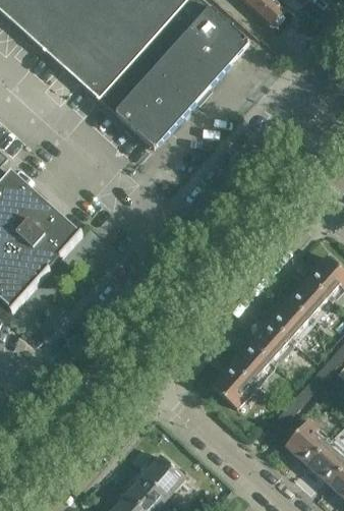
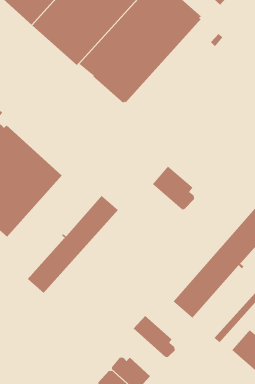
building: none -> [152,166,195,210]
building: none -> [27,195,119,294]
building: none -> [133,315,176,358]

